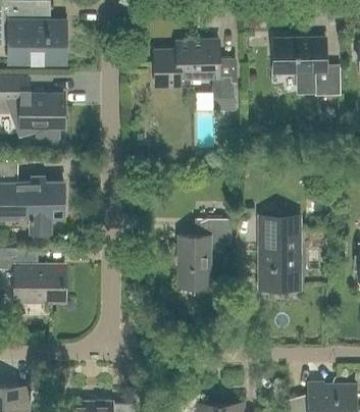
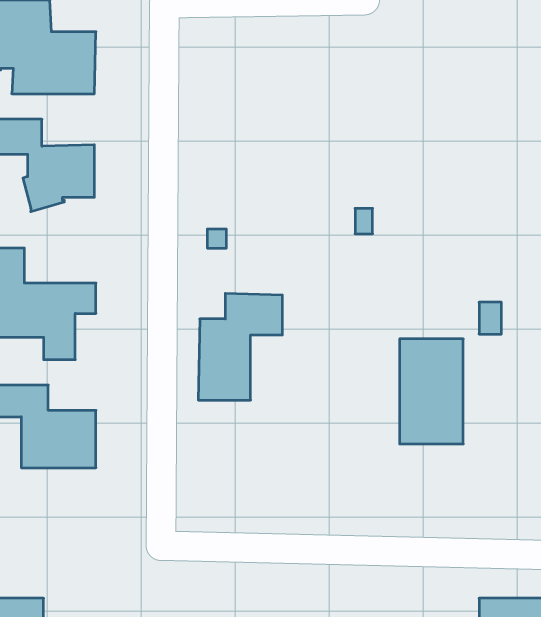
building: [273,40,341,97] -> none
building: [154,42,236,112] -> none
building: [177,219,232,288] -> [198,293,282,400]

